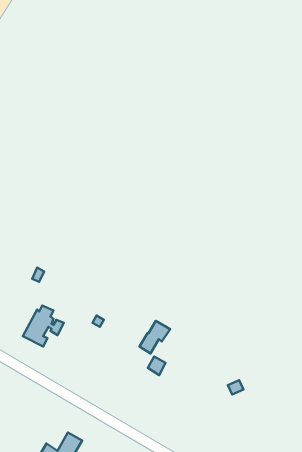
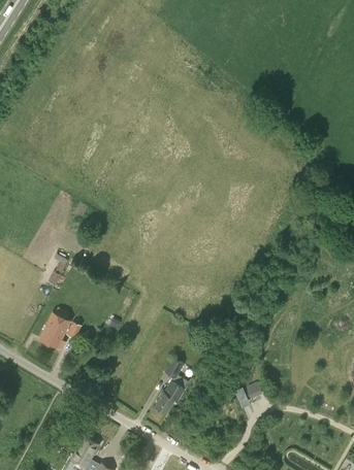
building: [139,321,170,354] -> [154,381,185,414]

